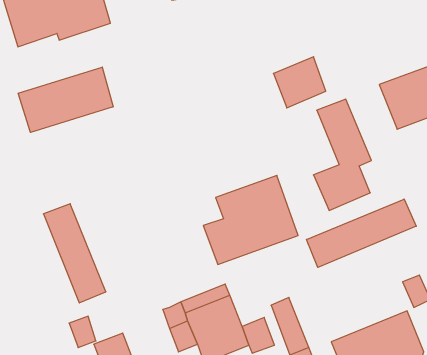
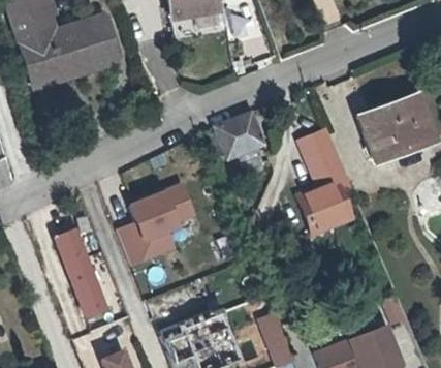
building: [273,57,326,108] -> [218,112,266,159]
building: [18,67,113,132] -> none
building: [203,175,298,264] -> [115,180,202,263]
building: [307,199,416,267] -> none

